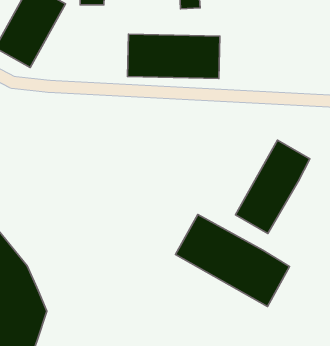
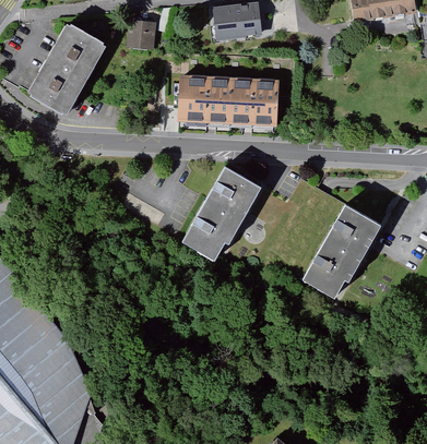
building: none -> [180,164,260,264]
building: [176,215,290,306] -> none

